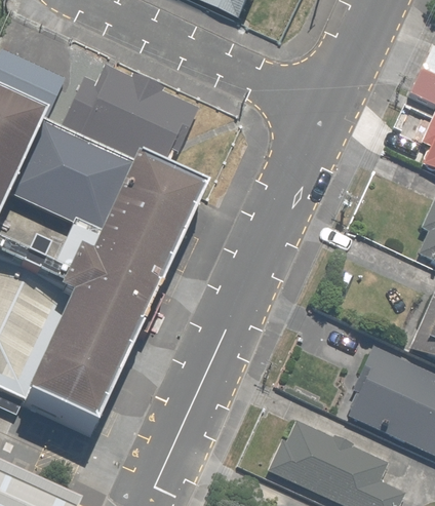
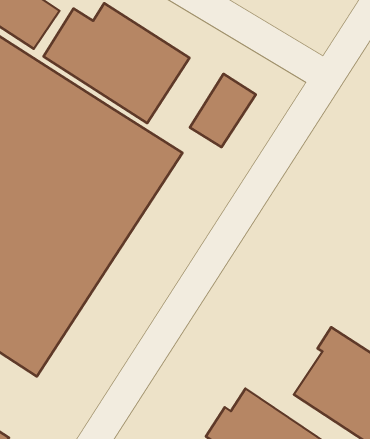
building: none -> [190,74,256,147]

